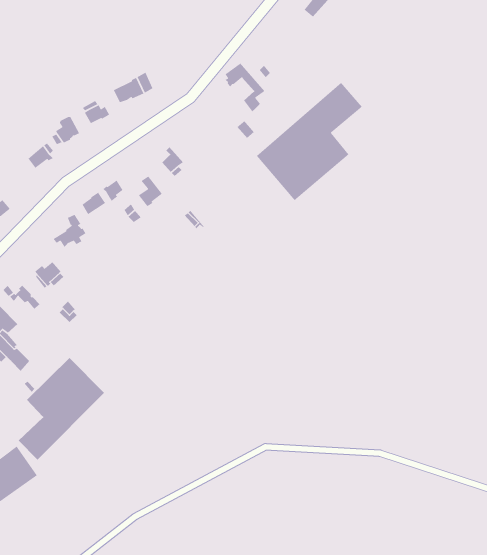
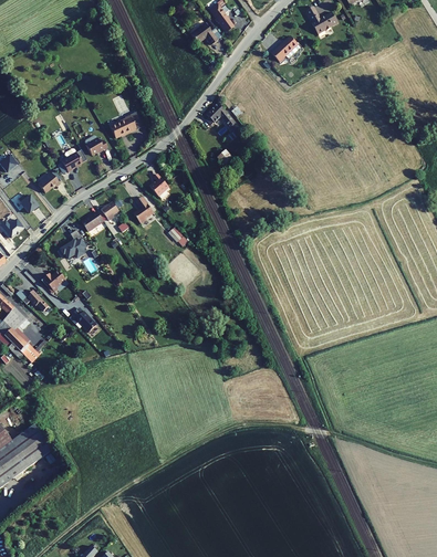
building: [256,82,363,201] -> none
building: [18,357,105,460] -> none

